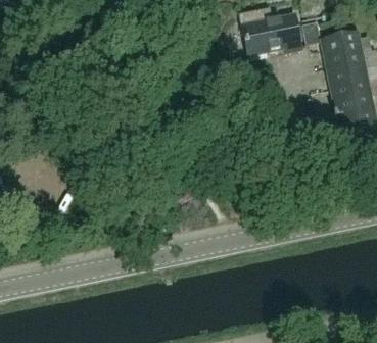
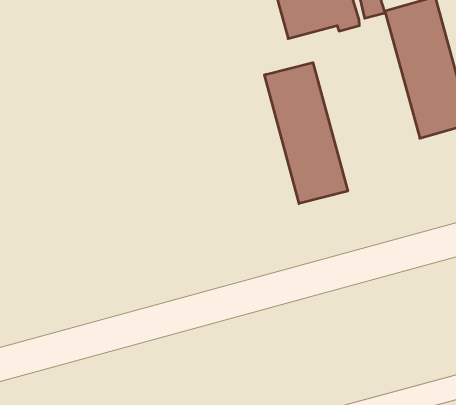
building: none -> [264,63,348,204]

